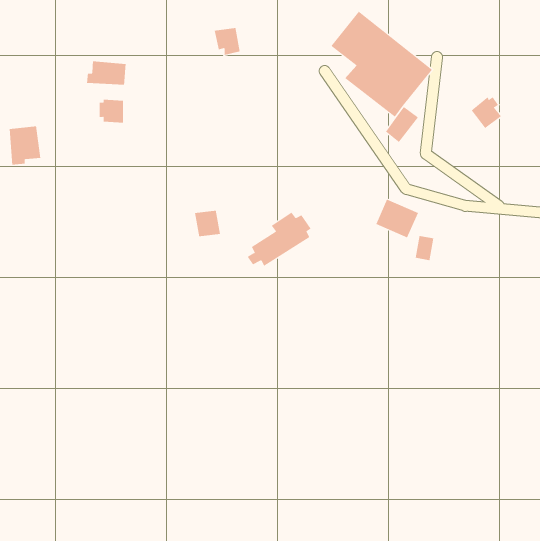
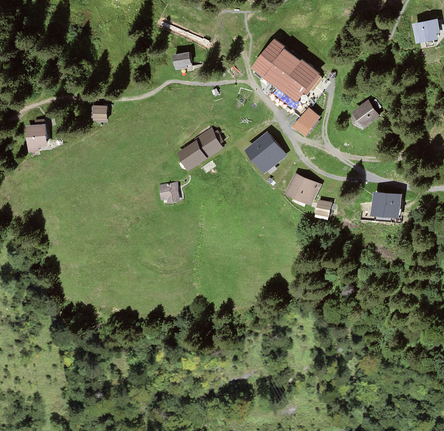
building: [87,61,126,86] -> none
building: none -> [248,133,283,168]
building: [247,212,312,267] -> [176,128,222,167]
building: none -> [374,193,399,212]

